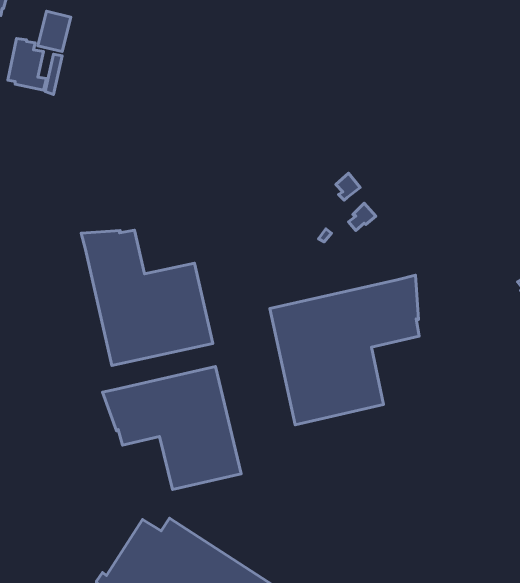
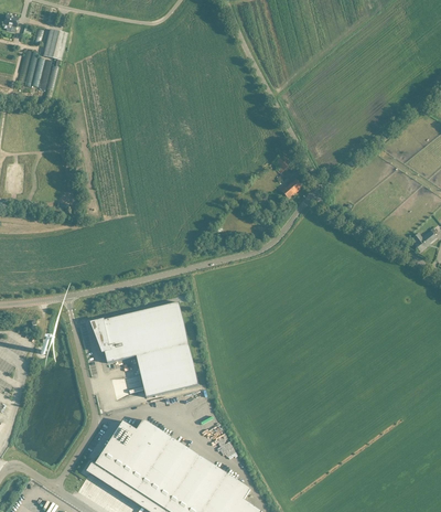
building: [81,230,213,365] -> none
building: [270,275,419,425] -> none

